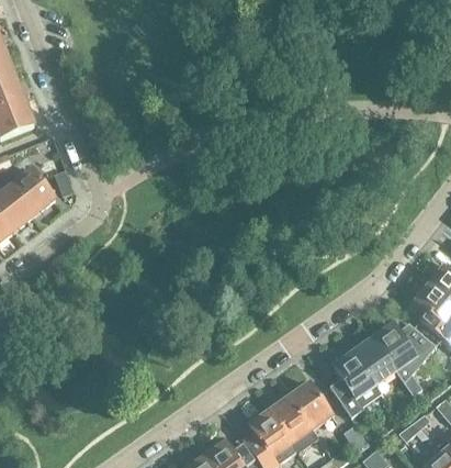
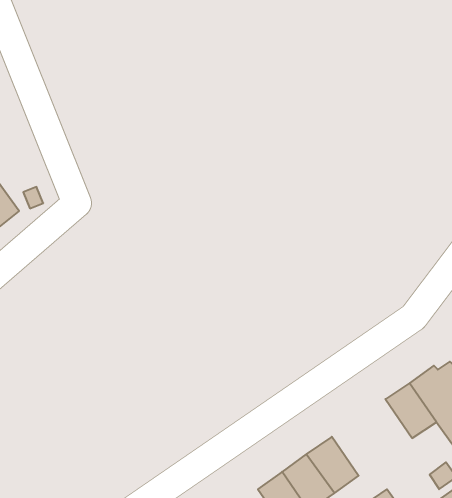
building: [329,352,383,416] -> none

